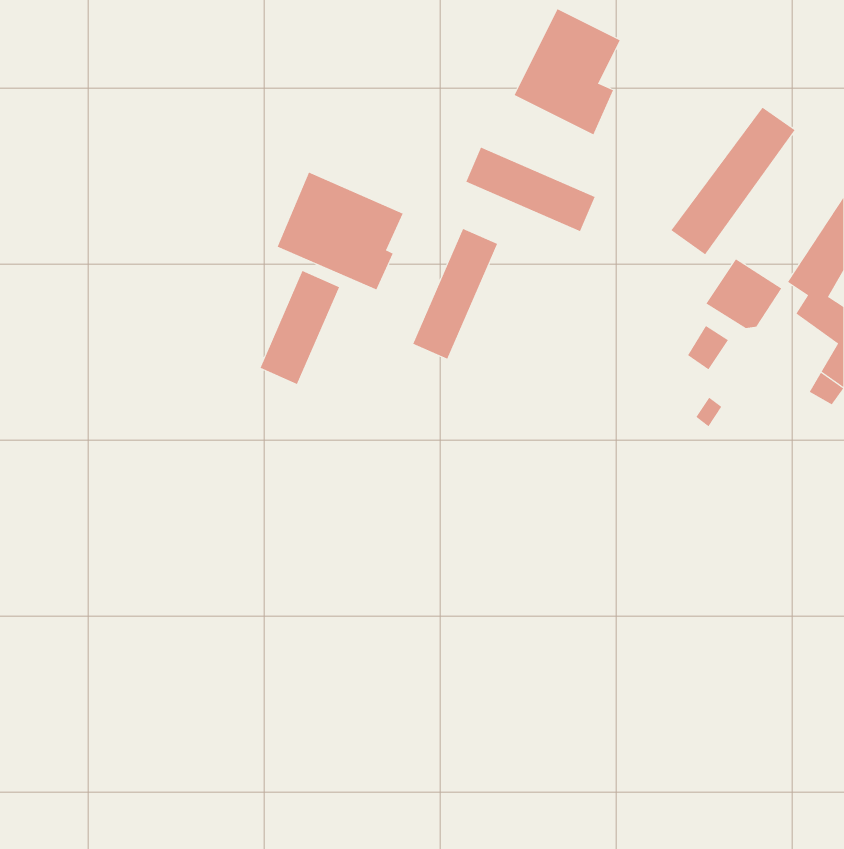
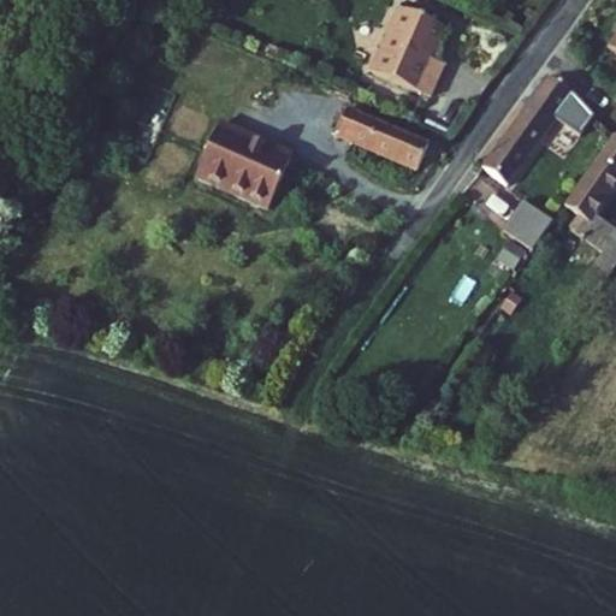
building: [412,228,498,359] -> none
building: [260,270,340,385] -> none

